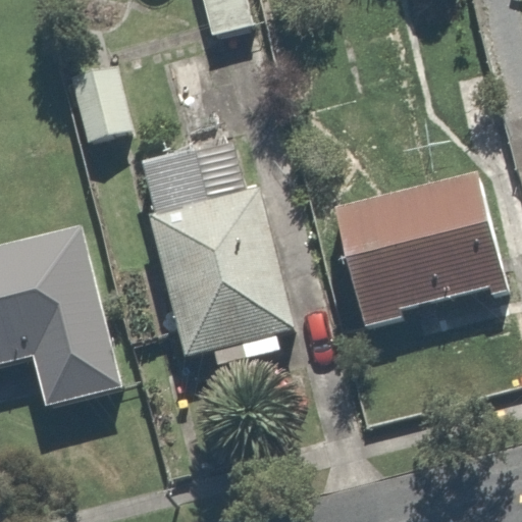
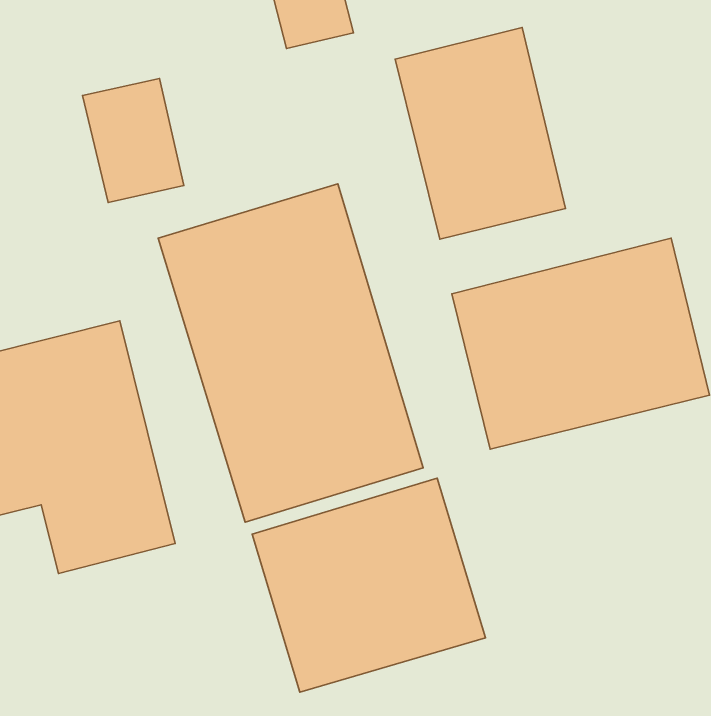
building: none -> [395,28,565,239]
building: none -> [252,478,486,692]

